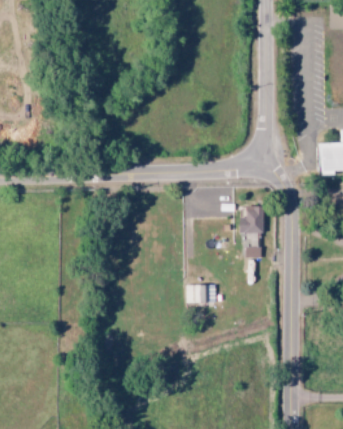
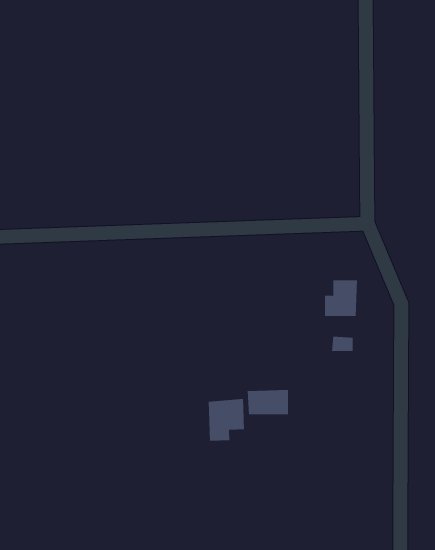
building: none -> [208,398,245,442]

